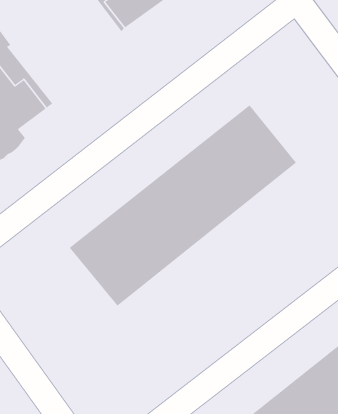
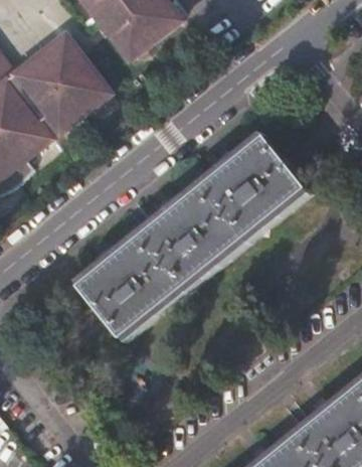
building: none -> [13,36,111,135]

